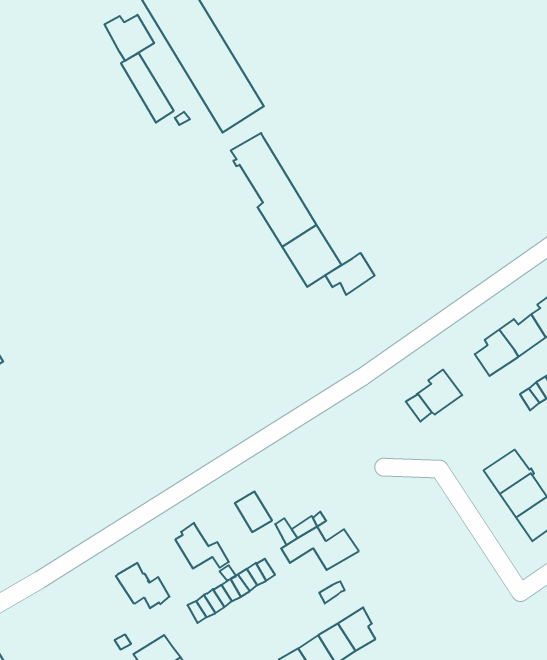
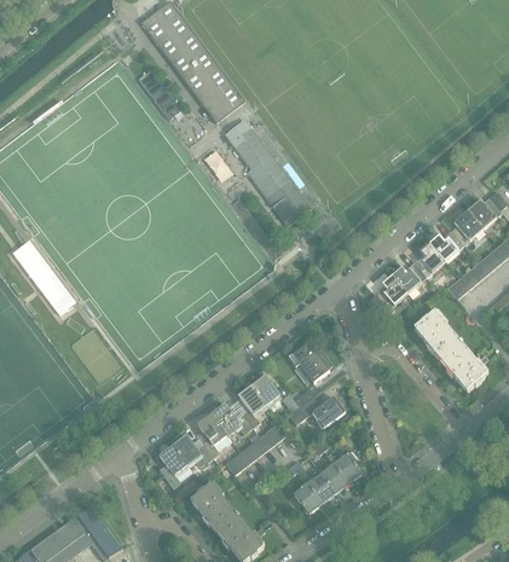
building: [104,15,154,61] -> none
building: [325,253,375,295] -> none
building: none -> [391,262,424,292]
building: none -> [413,312,447,344]
building: none -> [288,343,331,382]
building: none -> [237,386,266,428]
building: none -> [197,416,230,457]
building: none -> [158,446,192,487]

